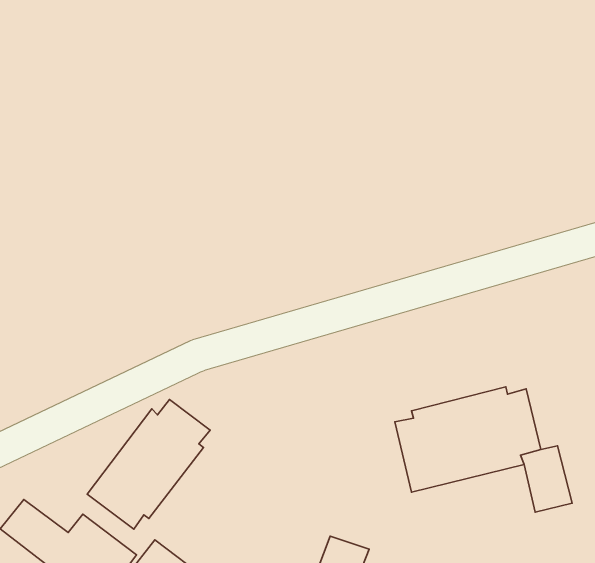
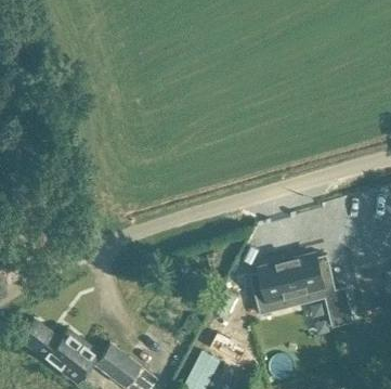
building: [87,399,210,529] -> none

